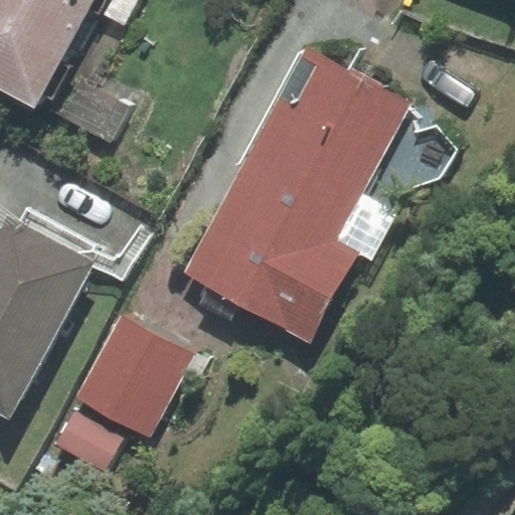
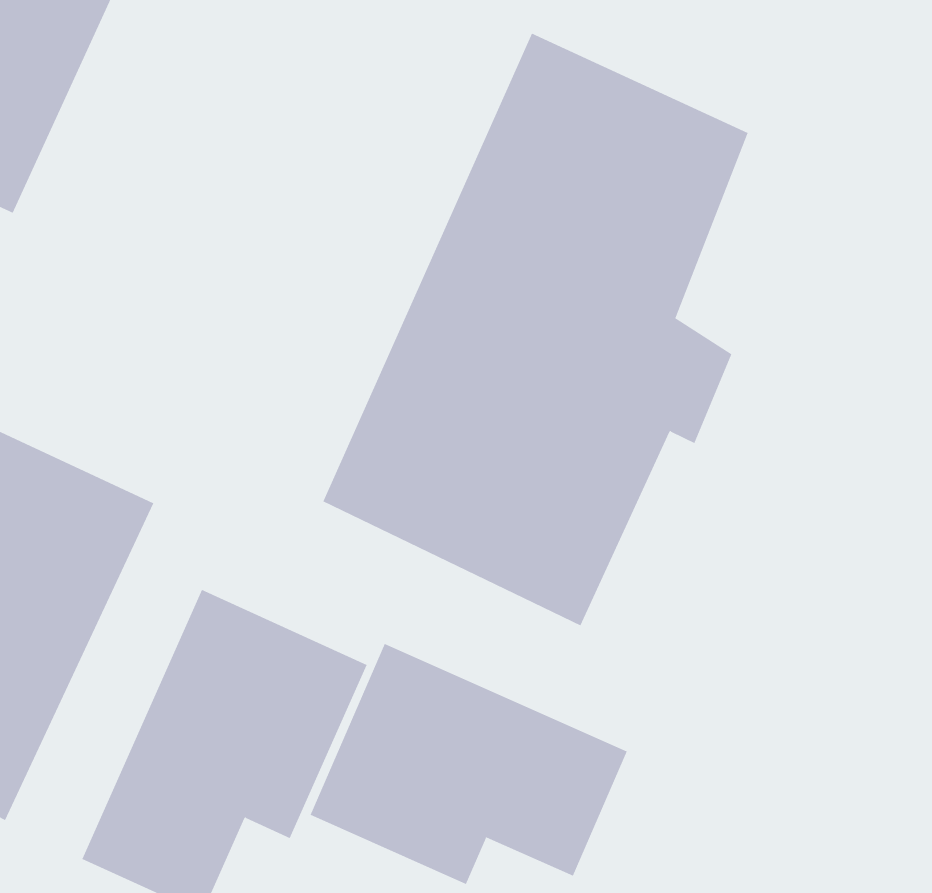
building: none -> [310,643,628,885]

